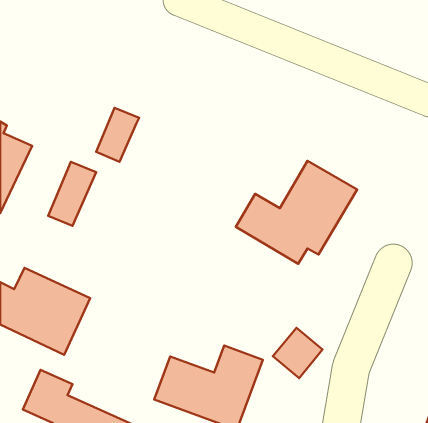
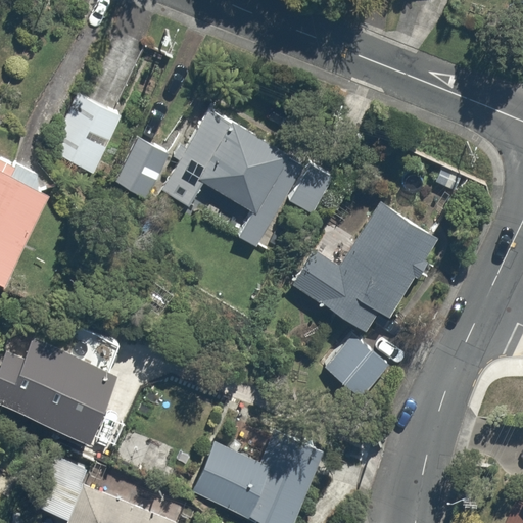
building: none -> [163,112,332,248]
building: [48,162,96,226] -> [64,105,123,183]
building: [273,328,323,378] -> [324,336,384,397]

